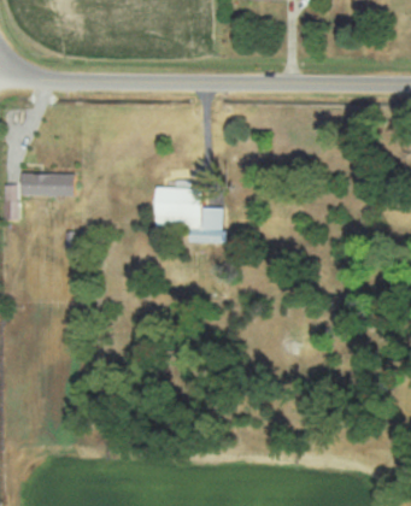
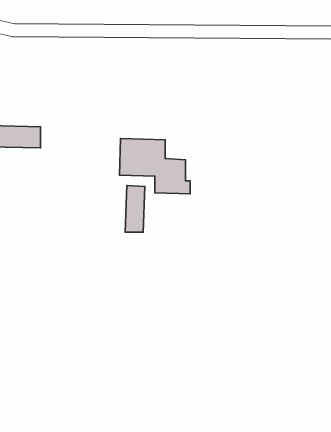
building: none -> [125,185,145,232]

